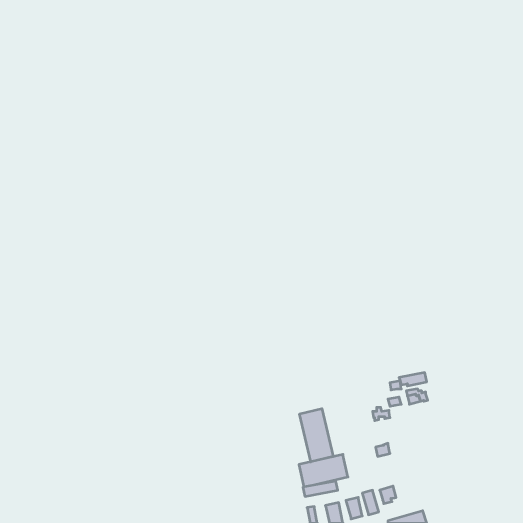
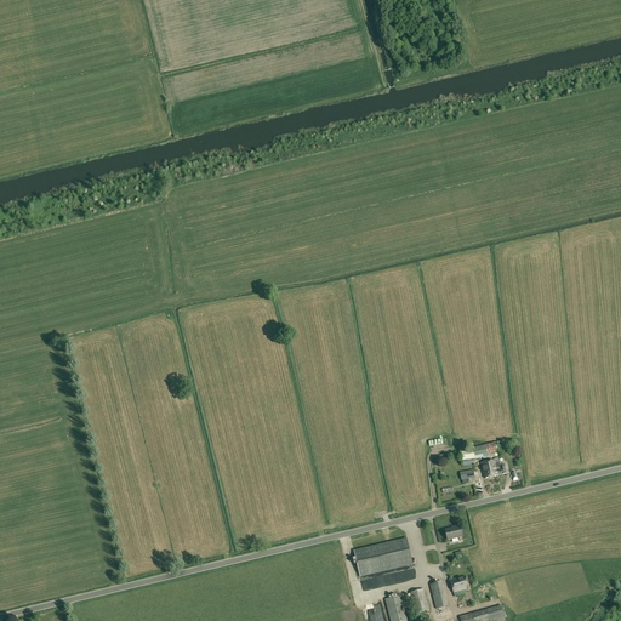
building: [300,409,333,462] -> none

